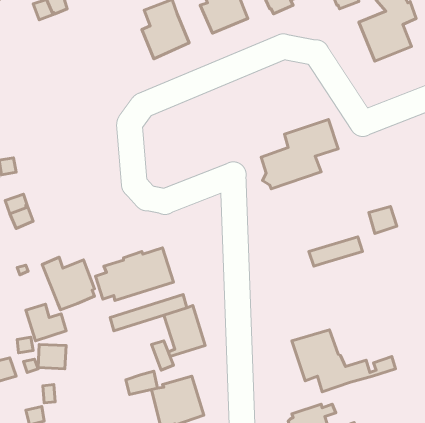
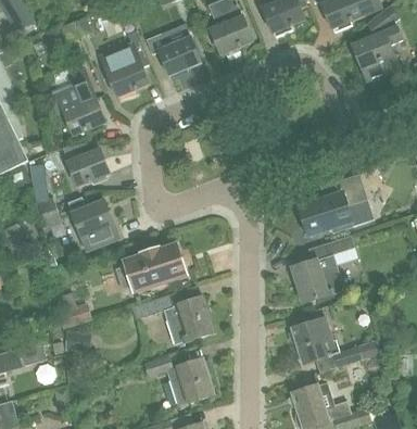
building: none -> [102,41,149,101]
building: none -> [55,67,103,135]
building: [261,119,338,189] -> [299,173,367,235]
building: none -> [66,148,109,186]
building: [42,257,95,310] -> [66,197,113,243]
building: none -> [290,258,342,303]

